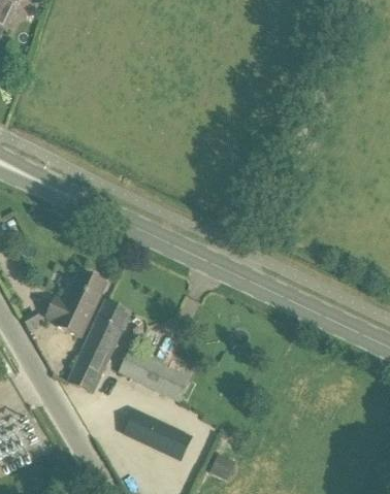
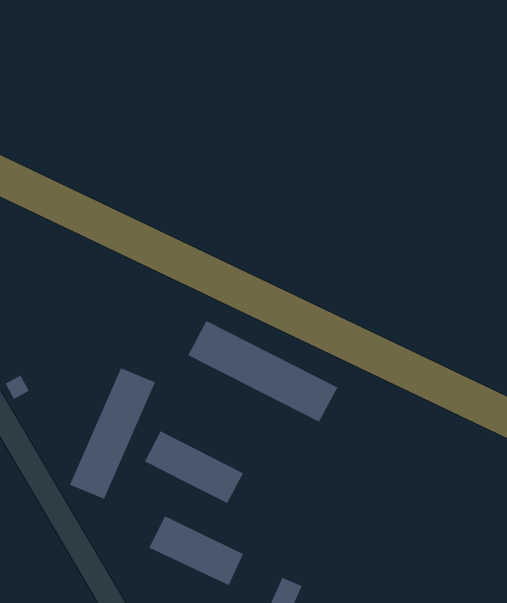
building: none -> [187,320,338,423]
building: [45,271,102,336] -> none

